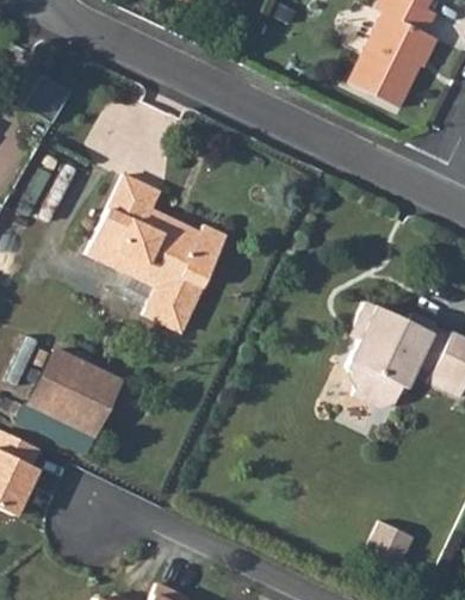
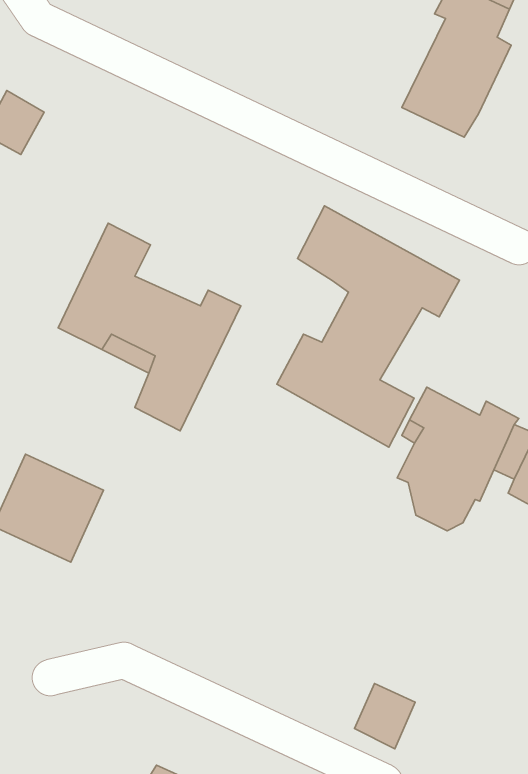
building: none -> [277,206,460,447]
building: [370,525,416,575] -> [354,683,415,749]

